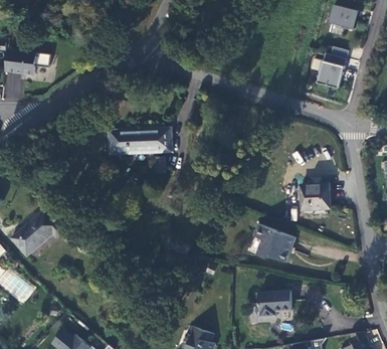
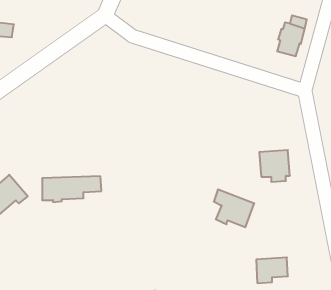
building: [110,129,170,155] -> [42,176,101,202]
building: [258,291,291,317] -> [256,257,288,283]

